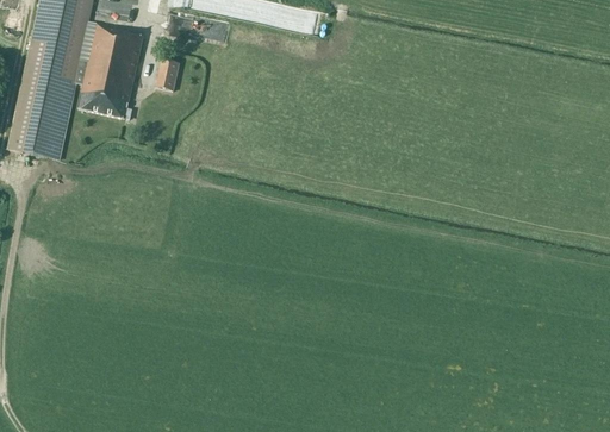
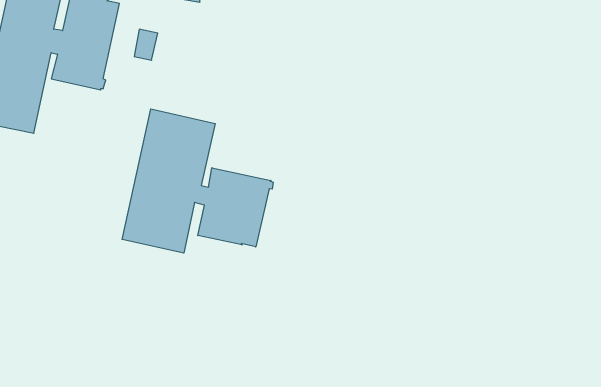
building: none -> [122,109,273,253]

